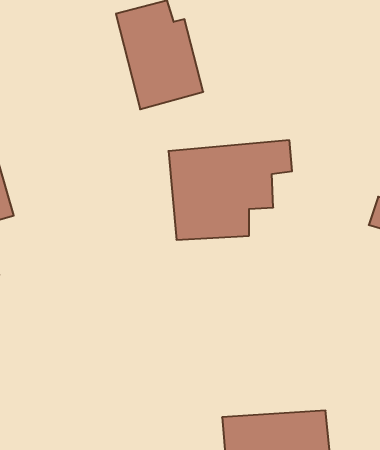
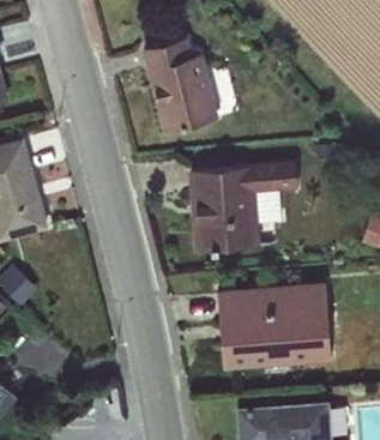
building: none -> [216,282,333,370]

